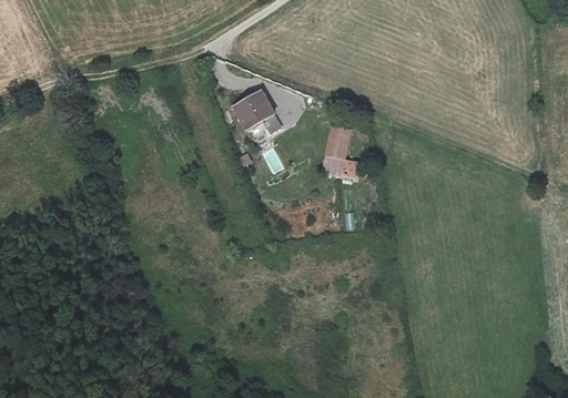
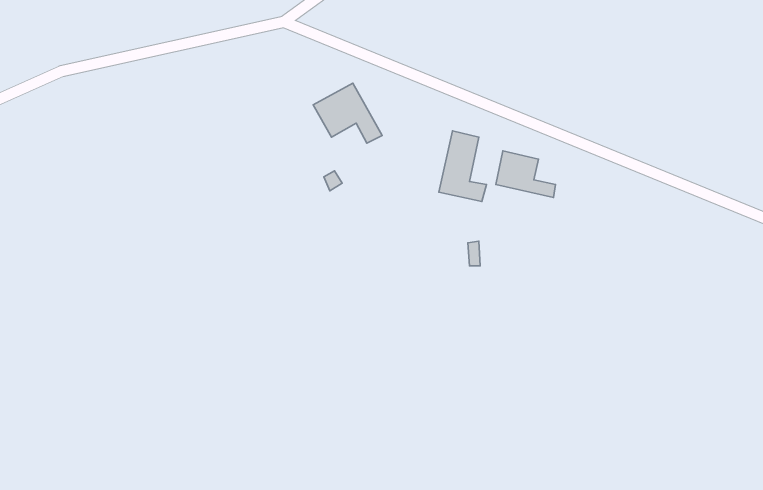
building: none -> [496,151,556,197]

